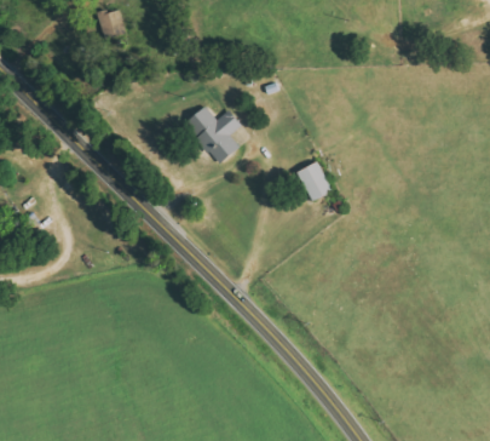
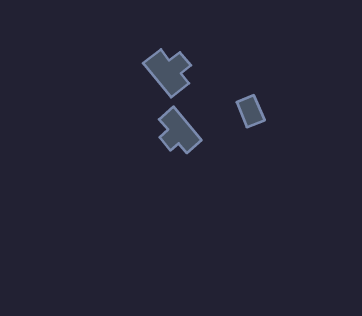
building: none -> [159,107,201,153]

